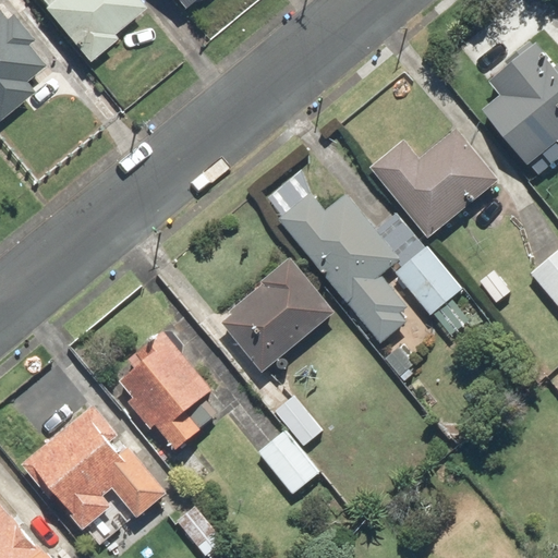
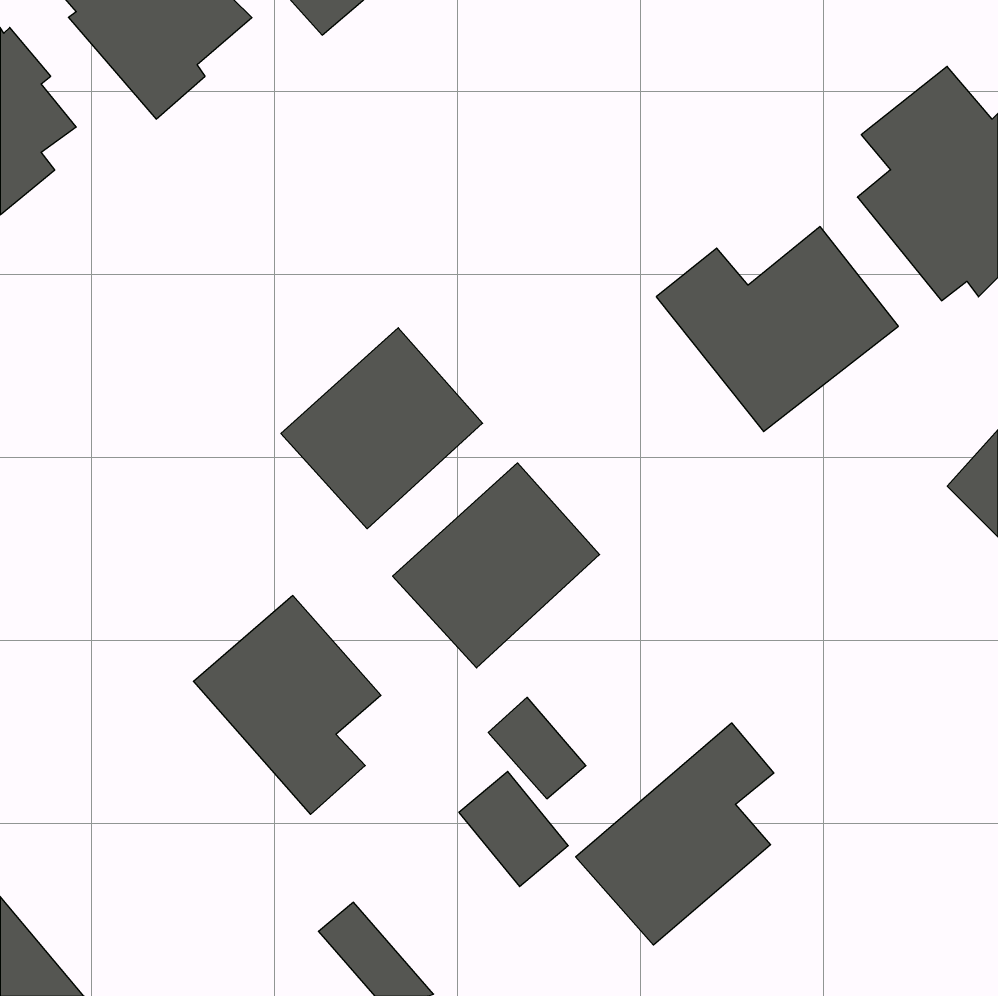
building: none -> [281,328,483,529]
building: [275,191,460,348] -> none
building: [17,399,172,531] -> none
building: none -> [576,723,774,945]

